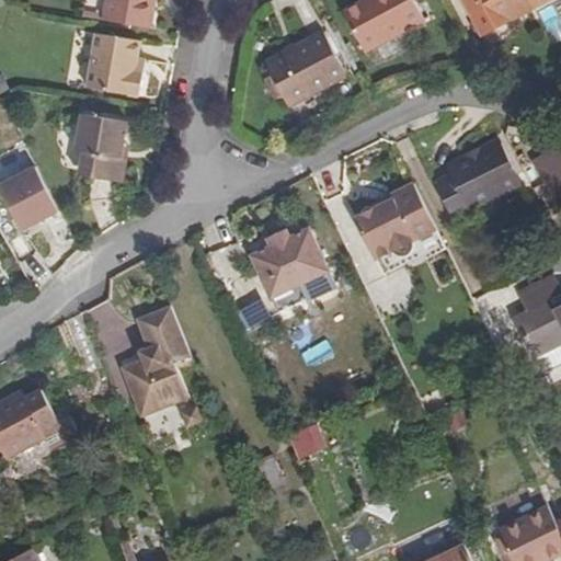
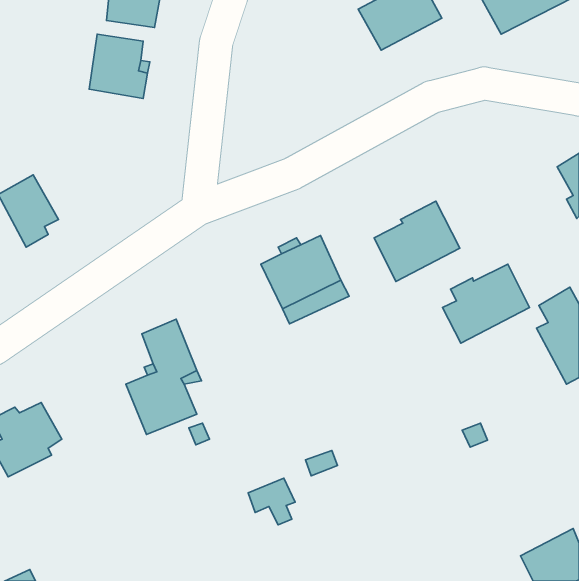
building: [264,31,345,104] -> none
building: [73,114,125,181] -> none
building: [436,145,519,220] -> [443,264,530,343]

